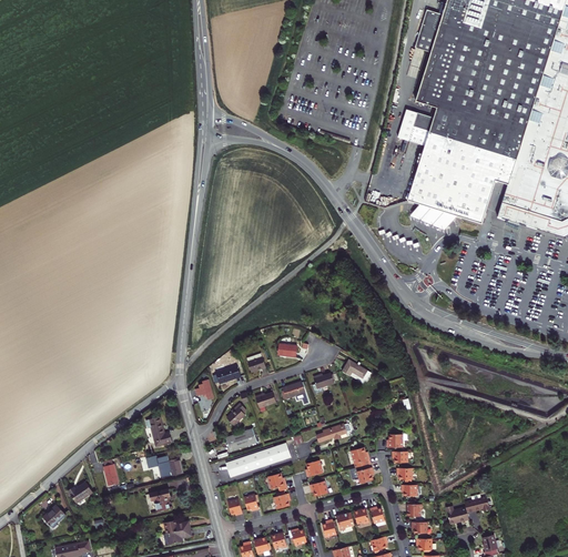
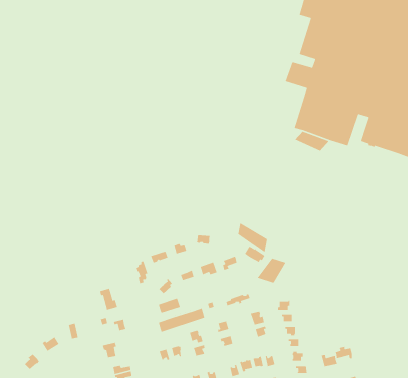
building: none -> [237,222,268,253]
building: none -> [256,258,286,284]

